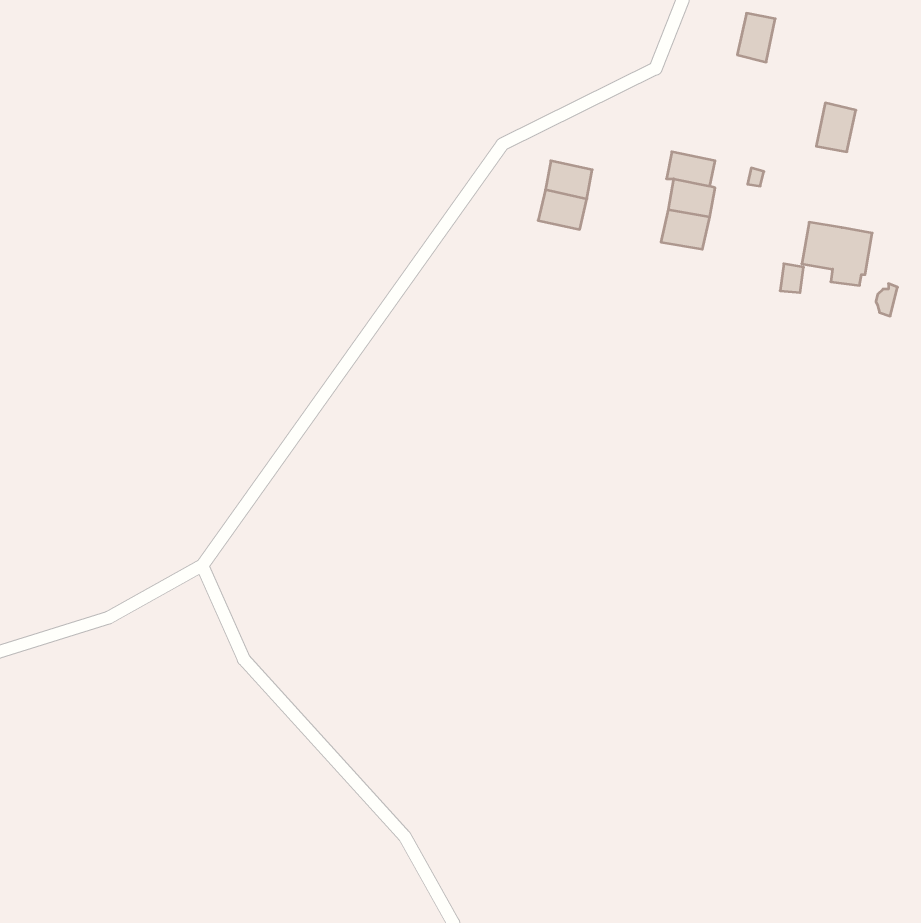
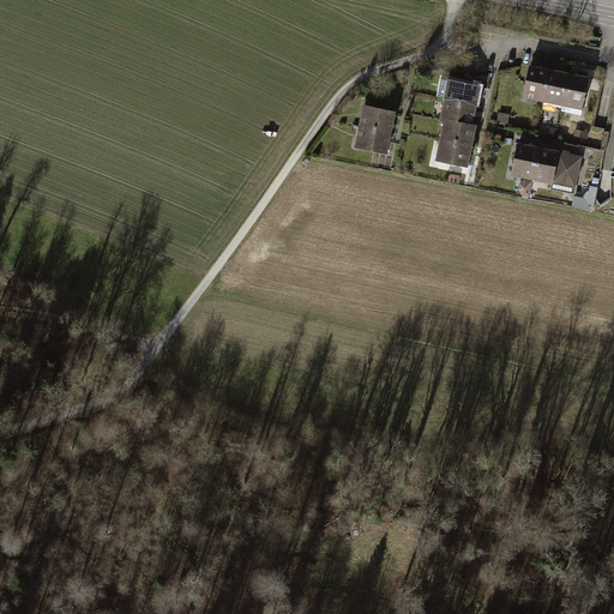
building: [737,13,775,62] -> [523,65,548,97]
building: none -> [560,73,588,114]
building: none -> [446,80,478,107]
building: none -> [512,144,537,175]

